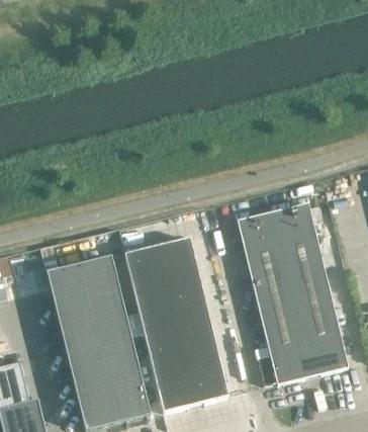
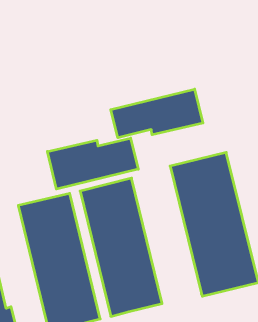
building: none -> [111,89,203,138]
building: none -> [47,138,138,189]

